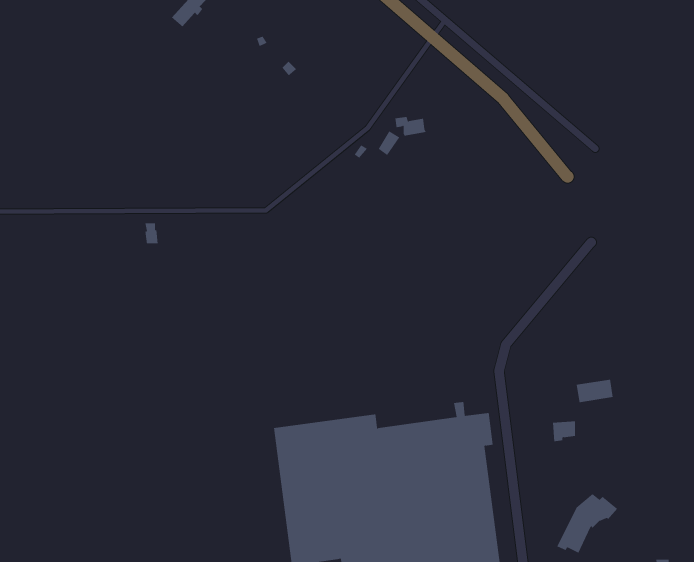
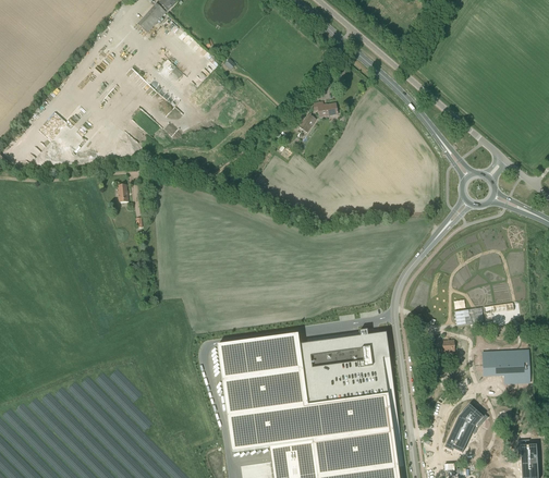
building: none -> [481,344,528,376]

